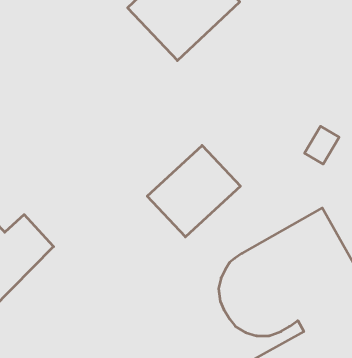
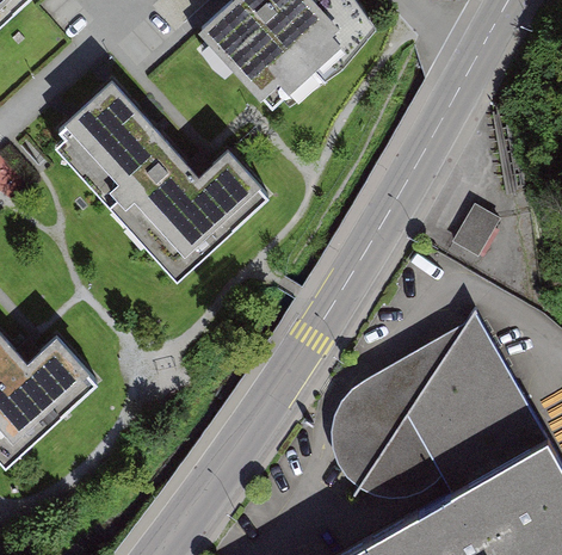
building: none -> [53,82,267,282]
building: [147,145,240,237] -> none

